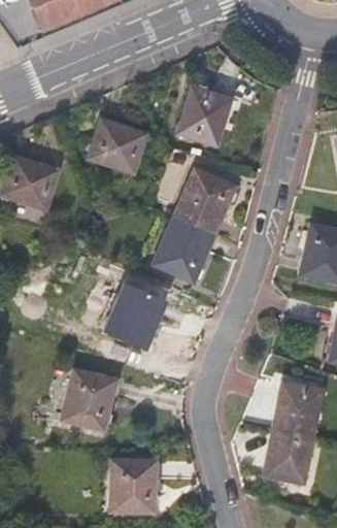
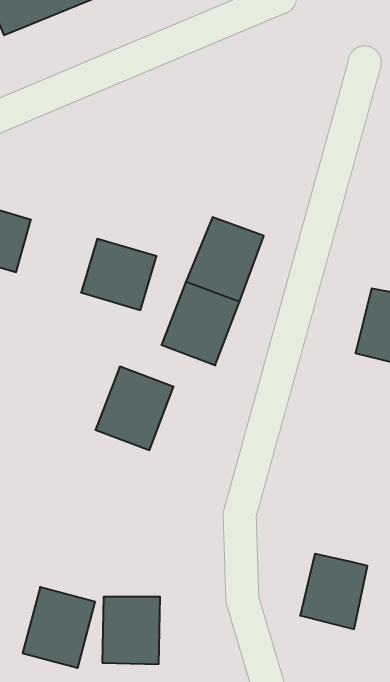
building: [178,89,230,145] -> none
building: [89,121,146,175] -> [81,239,157,310]
building: [61,366,116,428] -> [23,587,95,668]
building: [274,380,326,436] -> none

